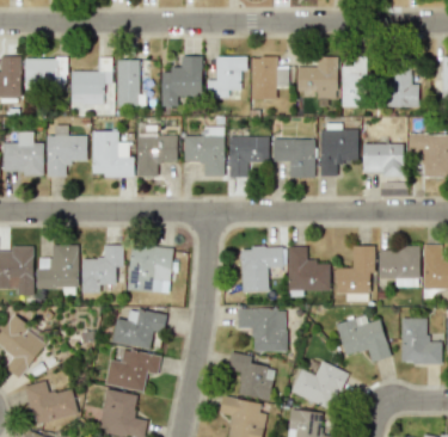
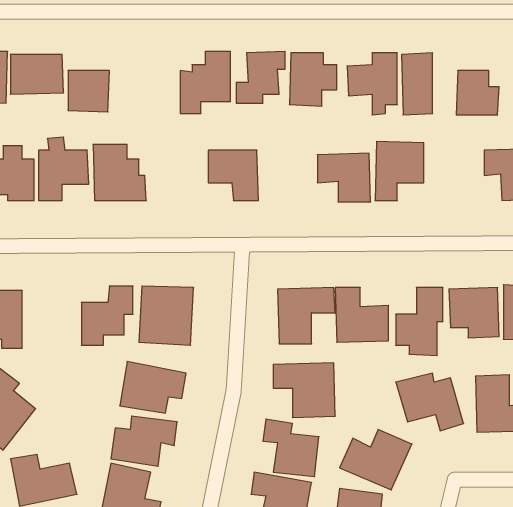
building: [116,59,139,104] -> none
building: [136,135,177,176] -> none
building: [228,135,269,178] -> none
building: [362,143,404,177] -> none
building: [37,245,78,287] -> none

